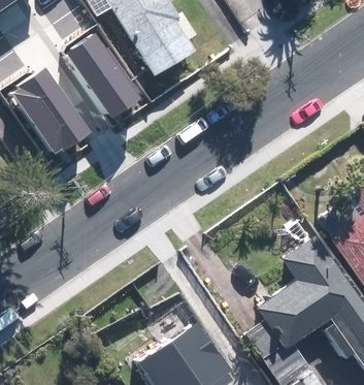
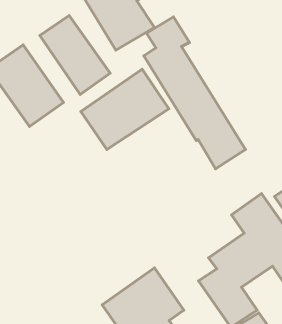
building: none -> [144,17,246,169]
building: none -> [81,69,169,149]

